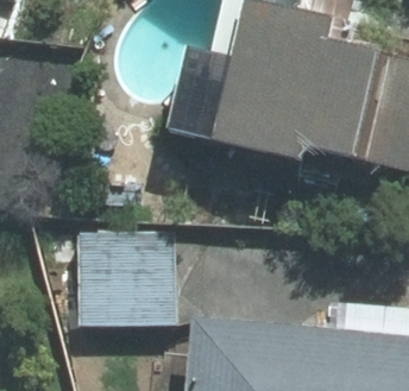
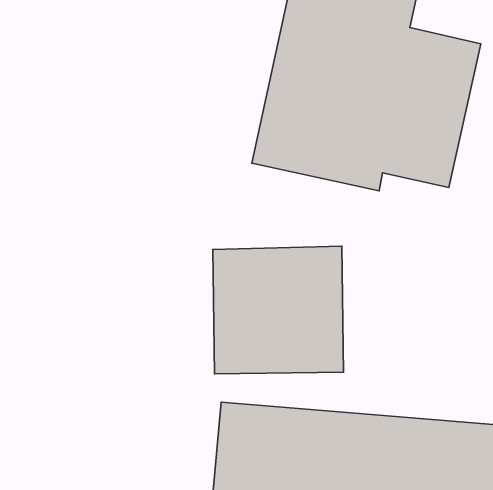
building: [78,232,175,326] -> [213,246,344,374]

